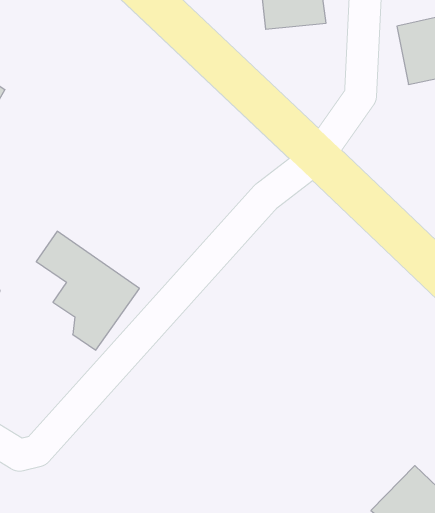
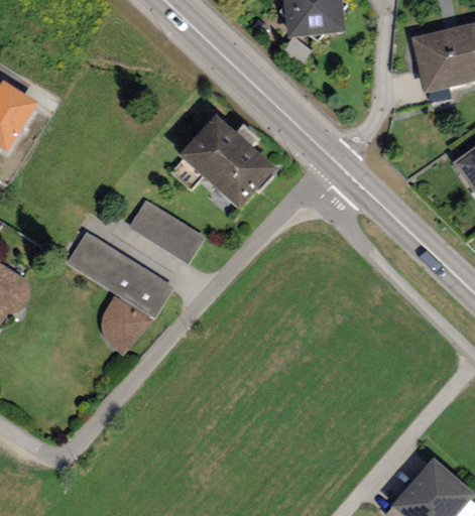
building: none -> [174,112,275,210]
building: none -> [132,200,200,256]

